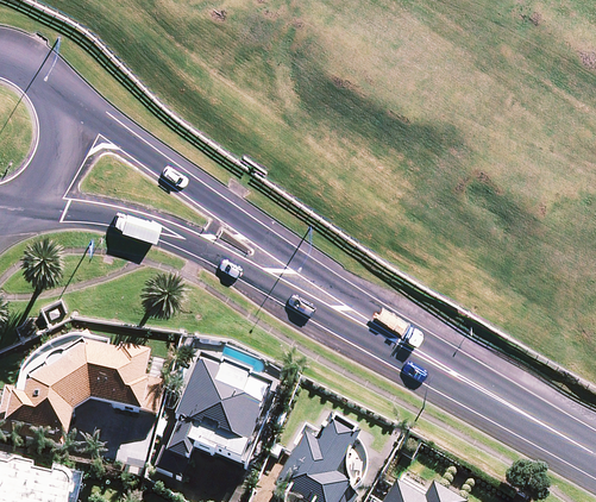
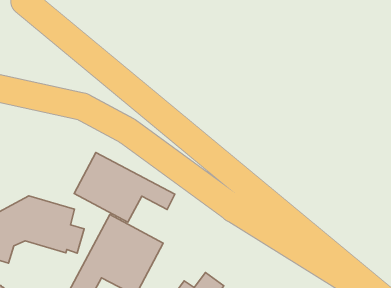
building: none -> [74,152,175,222]

